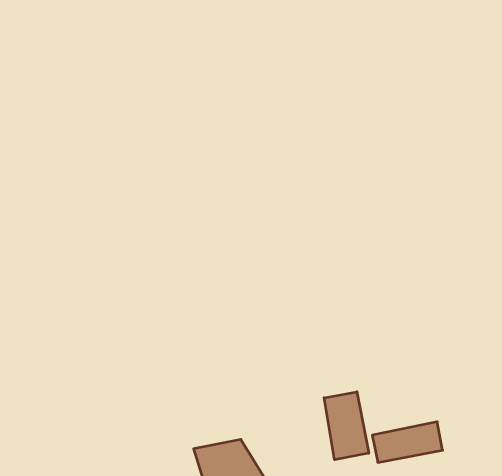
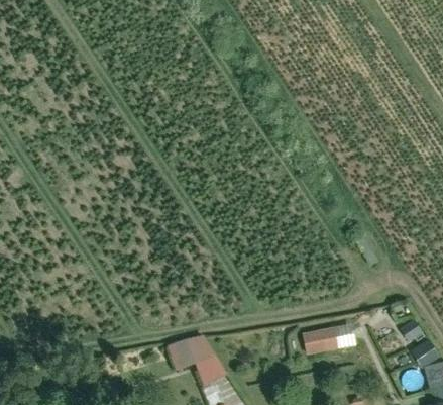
building: [324,392,369,460] -> none

